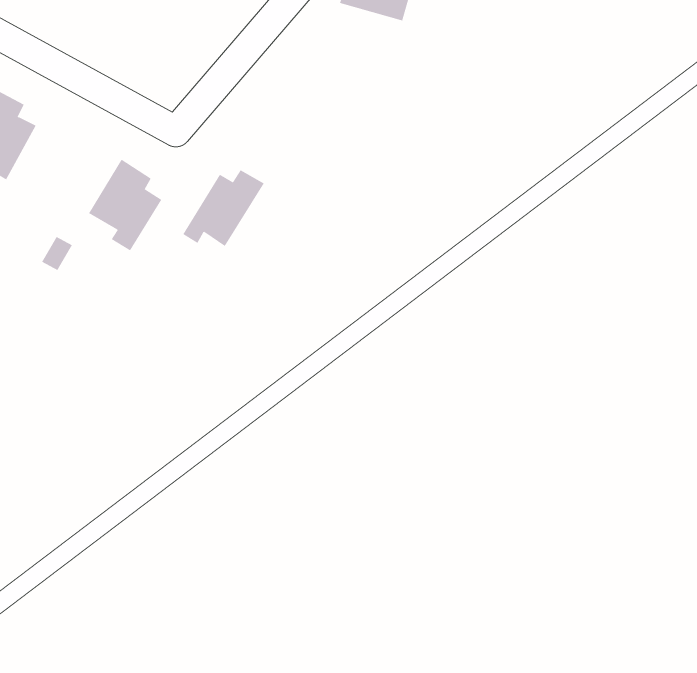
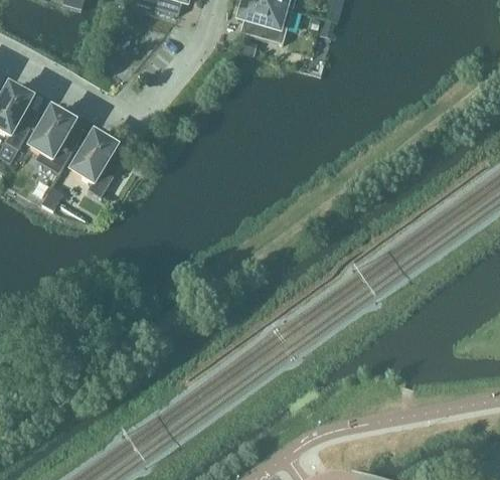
building: none -> [29,103,78,164]
building: [182,170,264,247] -> none

